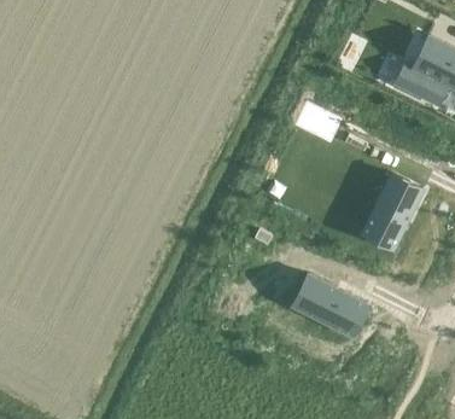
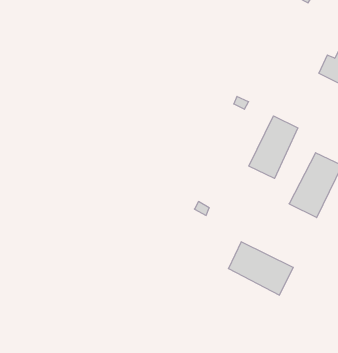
building: none -> [249,116,298,178]

